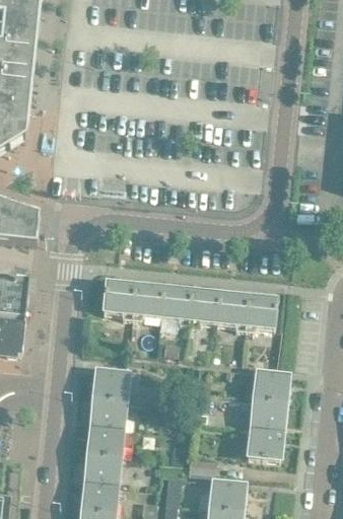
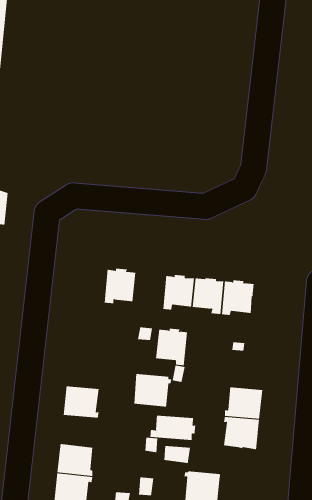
building: [101,280,133,316] -> none
building: [158,286,190,322] -> [155,328,188,366]
building: [93,367,131,399] -> [133,373,172,407]
building: [252,369,287,400] -> none
building: none -> [150,415,196,441]
building: [87,425,125,456] -> none

